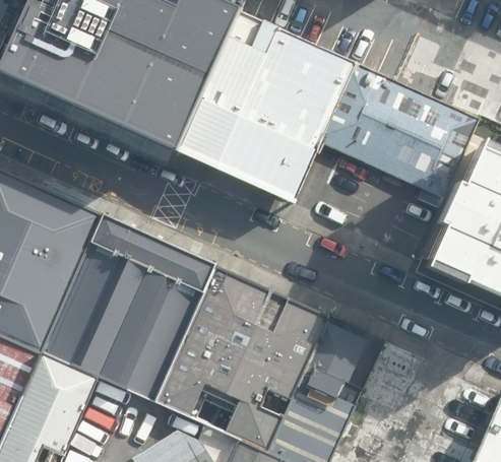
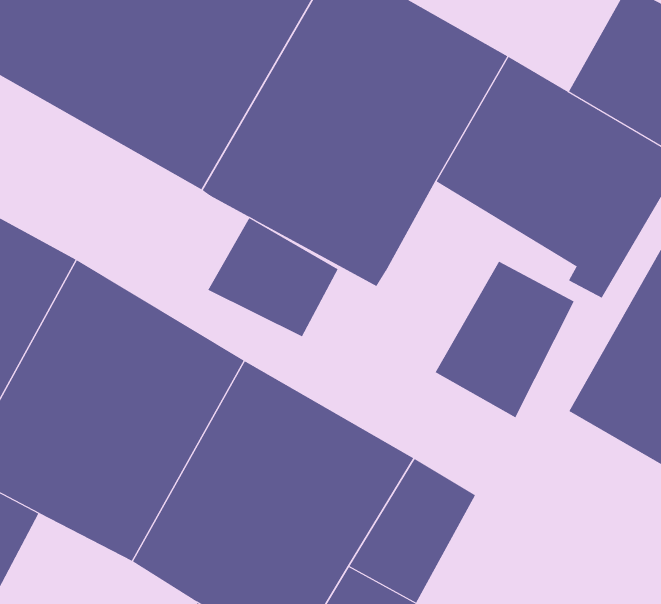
building: none -> [208,217,339,337]
building: none -> [435,261,575,418]

